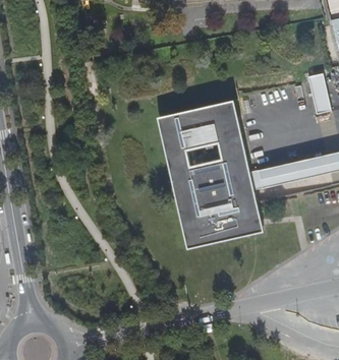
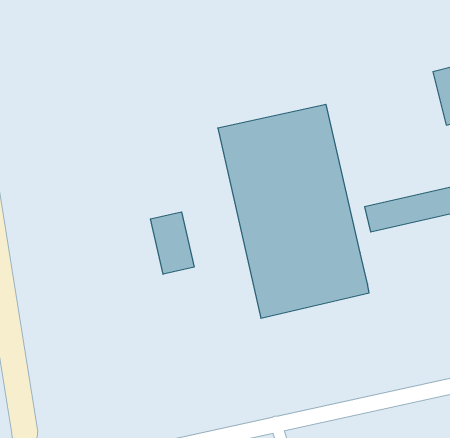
building: none -> [150,212,194,274]

